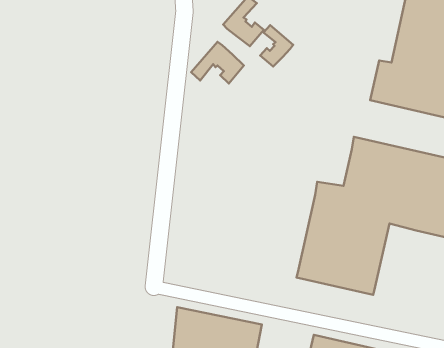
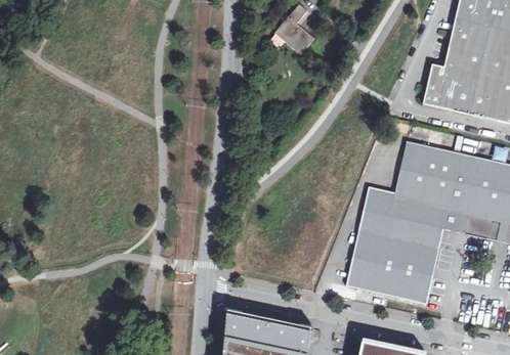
building: [260,25,293,66] -> none
building: [191,42,244,83] -> none

